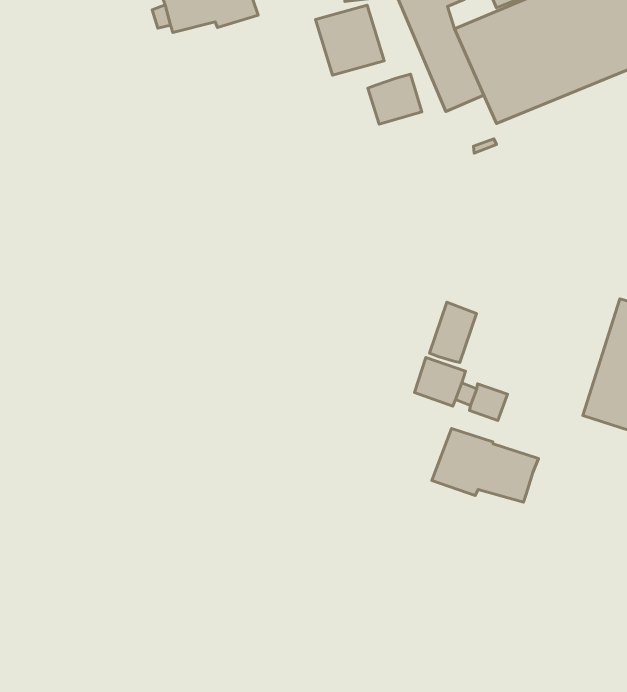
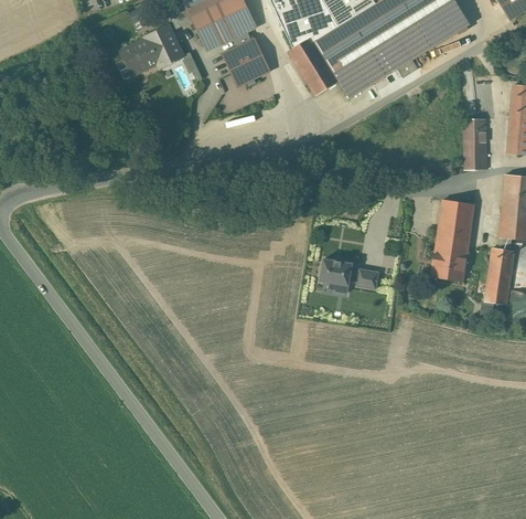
building: [368,74,422,124] -> none
building: [429,302,477,363] -> none
building: [432,429,538,502] -> none

